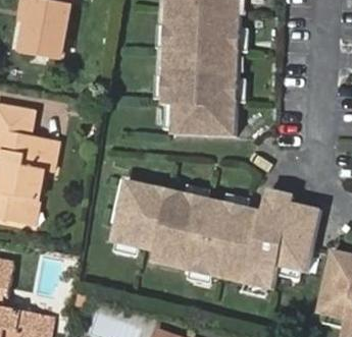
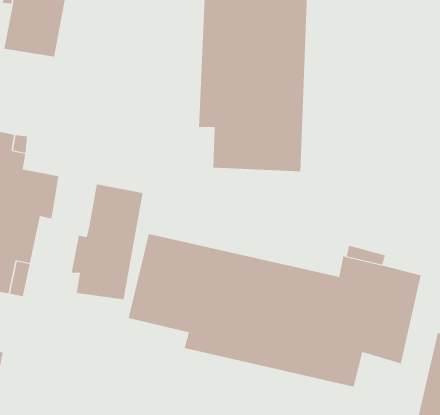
building: none -> [71,183,143,300]

